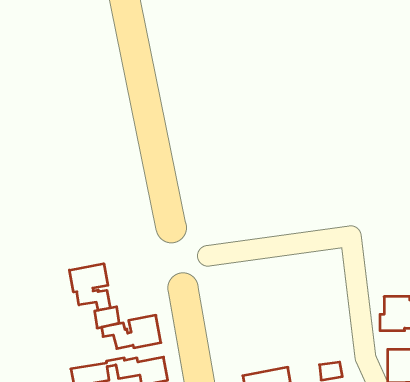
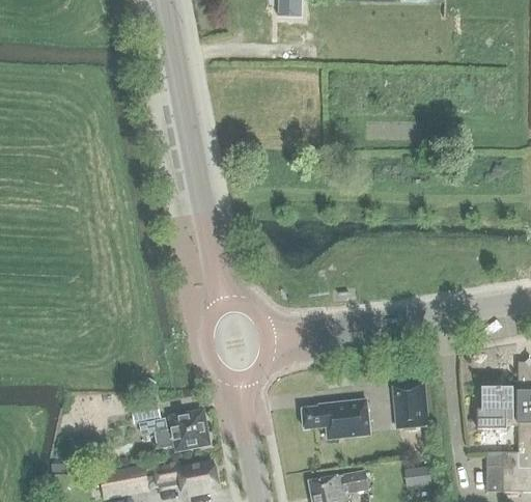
building: [69,264,110,310] -> none
building: none -> [400,384,429,428]
building: none -> [302,400,370,438]

